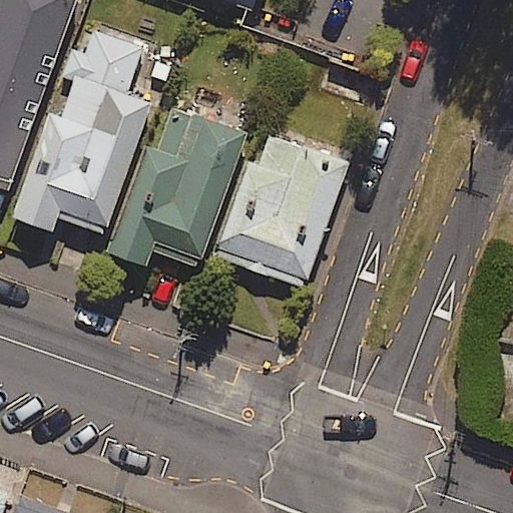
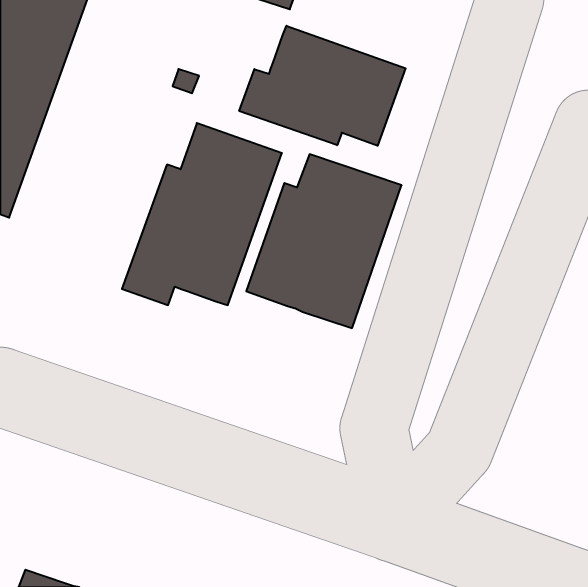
building: none -> [239,26,406,146]
building: [11,31,150,232] -> none

